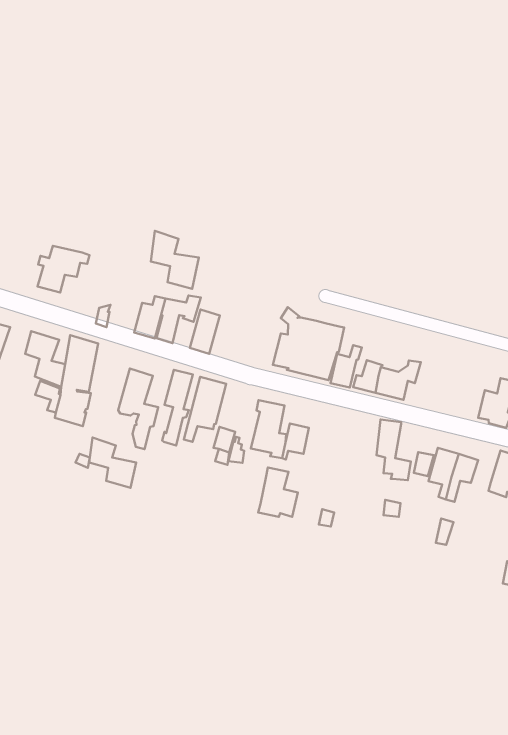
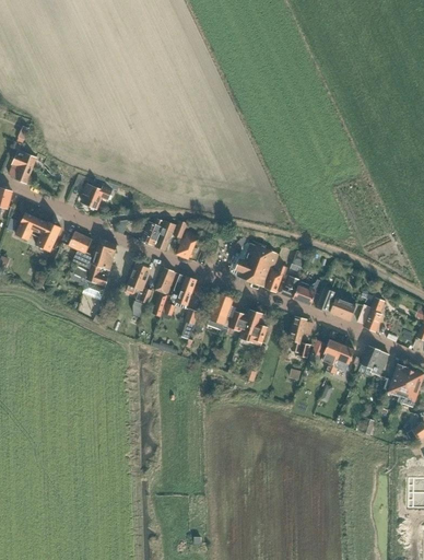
building: [151,231,199,289] -> none
building: none -> [317,289,356,320]
building: [89,437,136,488] -> none
building: [258,467,298,517] -> [240,310,268,343]

